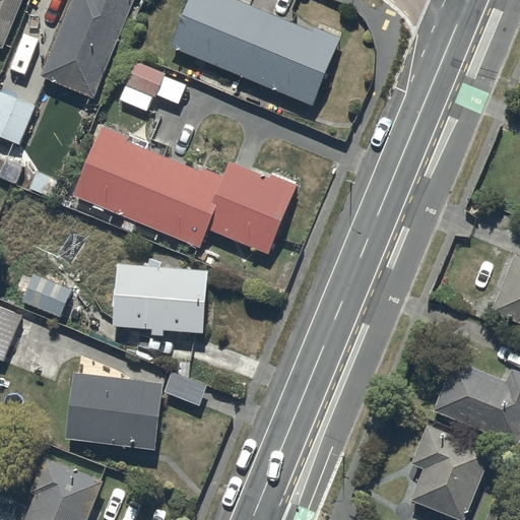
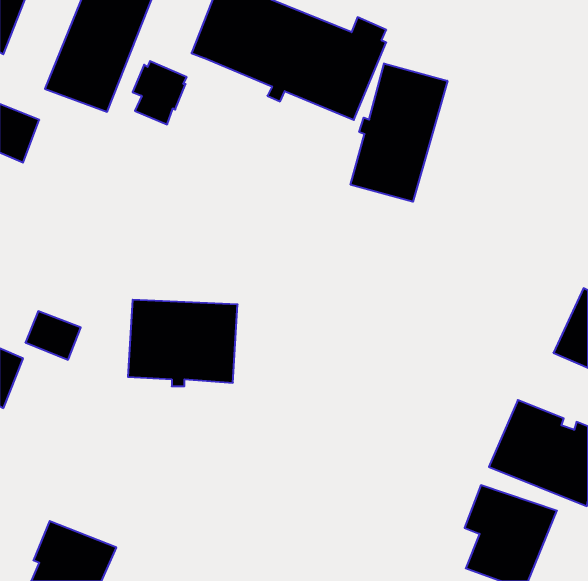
building: none -> [351,63,447,202]
building: [72,126,296,255] -> none
building: [65,375,162,450] -> none

